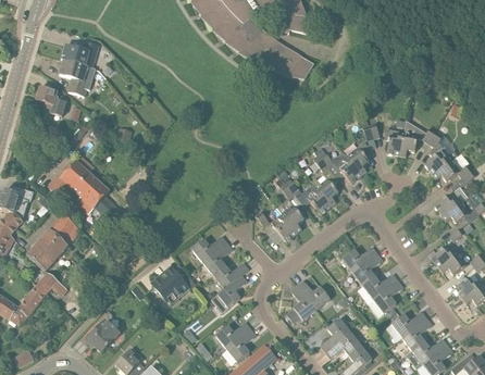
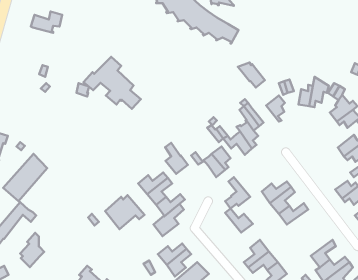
building: [60,60,89,96] -> none
building: [36,86,65,115] -> none
building: [329,152,362,183] -> [238,62,265,87]
building: [48,155,117,218] -> [83,57,141,109]
building: none -> [165,143,188,174]
building: [372,280,402,313] -> none
building: [286,285,316,323] -> [225,177,250,208]
building: [89,310,119,351] -> [20,233,44,267]
building: [390,311,427,337] -> none

